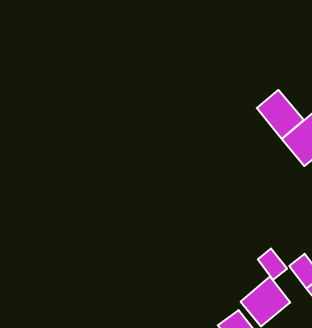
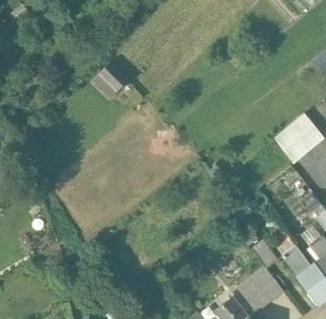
building: none -> [91,63,128,91]
building: [257,90,304,139] -> none

